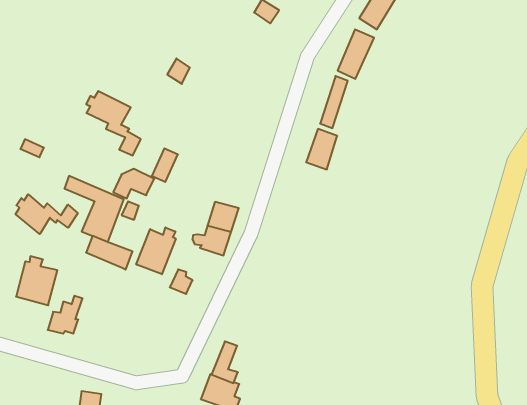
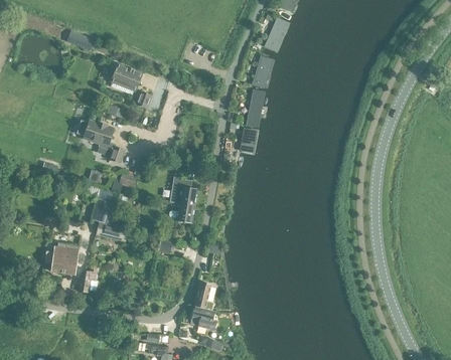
building: none -> [109,64,142,89]
building: [16,194,78,234] -> none
building: [136,227,176,274] -> none

